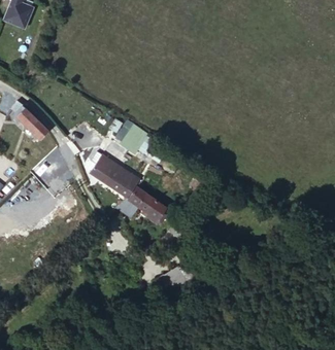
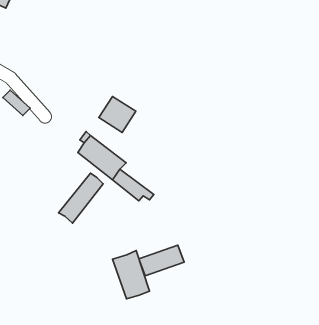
building: none -> [59,173,103,223]
building: none -> [113,251,150,299]

